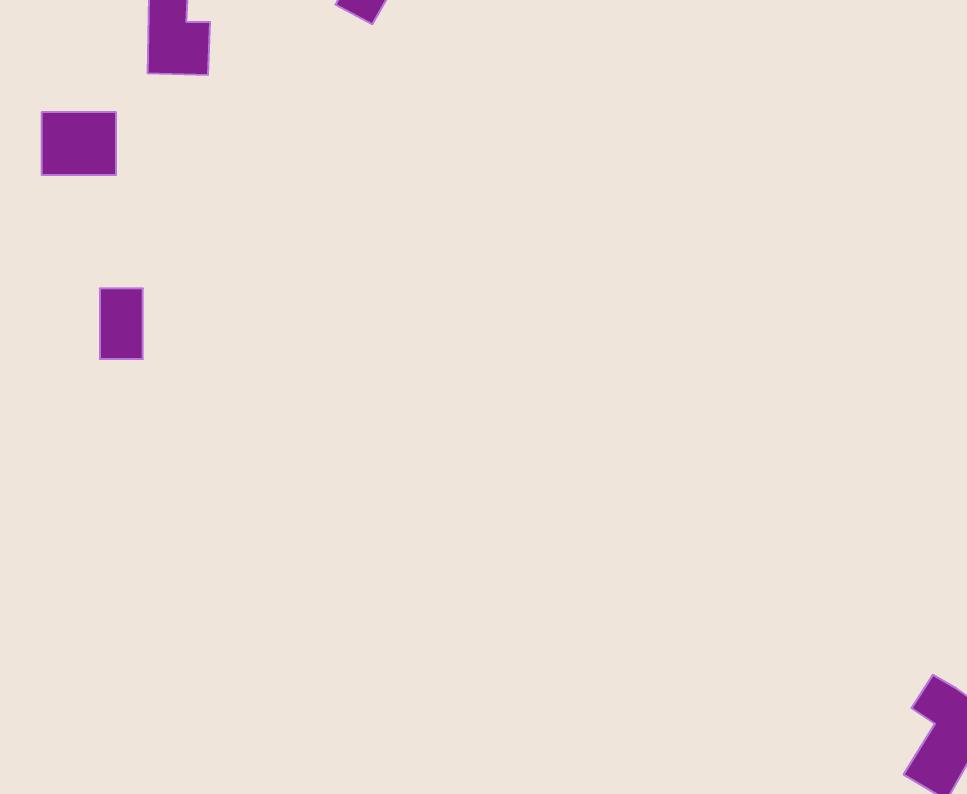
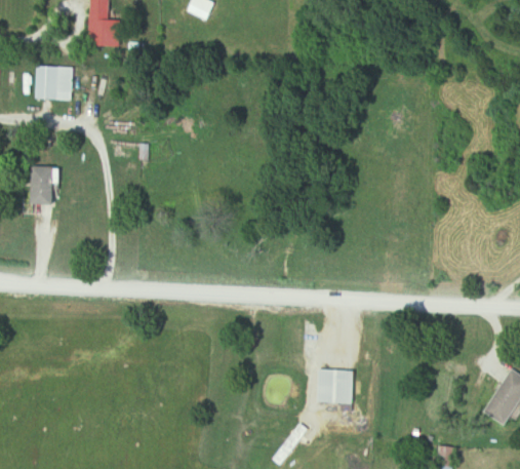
building: [100,288,143,359] -> [33,166,55,203]
building: none -> [318,369,352,403]

